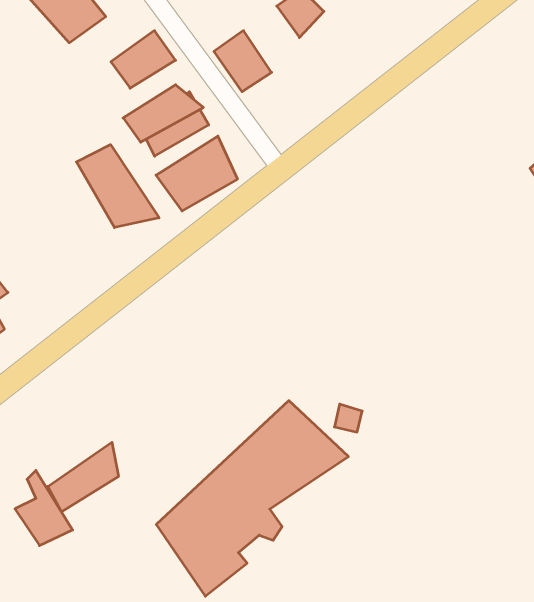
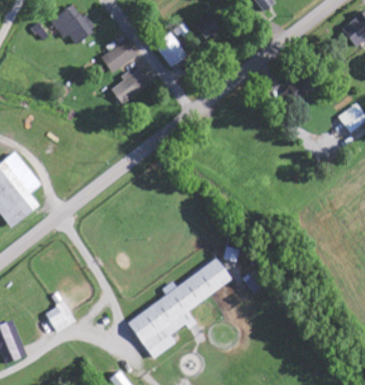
building: [156,136,237,211] -> none
building: [76,145,159,228] -> none
building: [48,442,118,512] -> none

